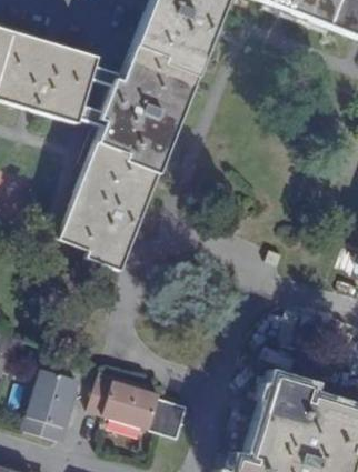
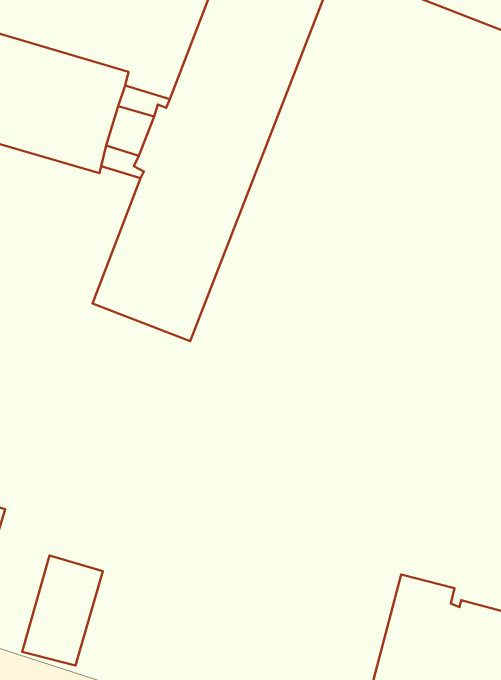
building: [58,207,133,270] -> none
building: [88,375,187,438] -> none

